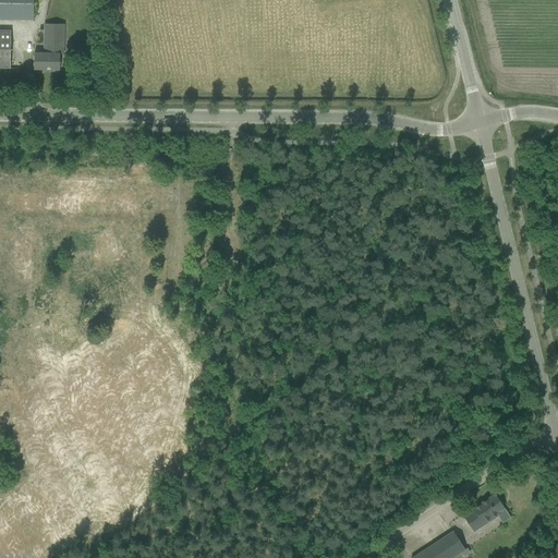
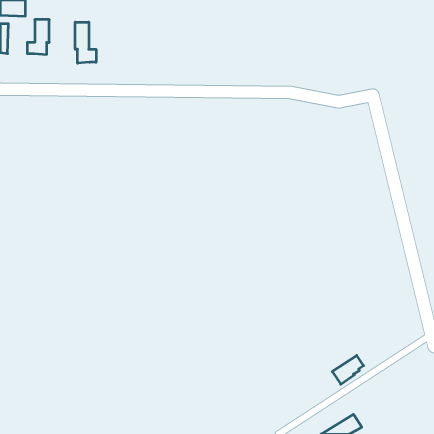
building: none -> [75,22,96,63]
building: [463,495,504,532] -> [332,355,364,384]

